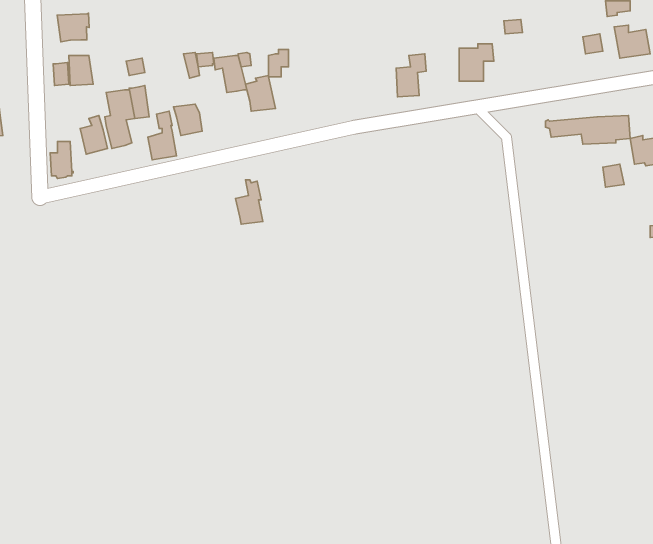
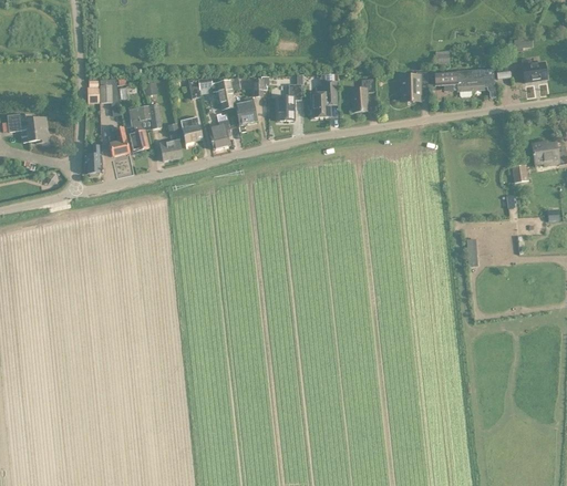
building: [57,13,89,42] -> none
building: none -> [311,82,337,117]
building: none -> [277,84,301,121]
building: [545,116,630,144] -> [429,68,494,90]
building: [235,180,263,224] -> [208,113,229,147]

